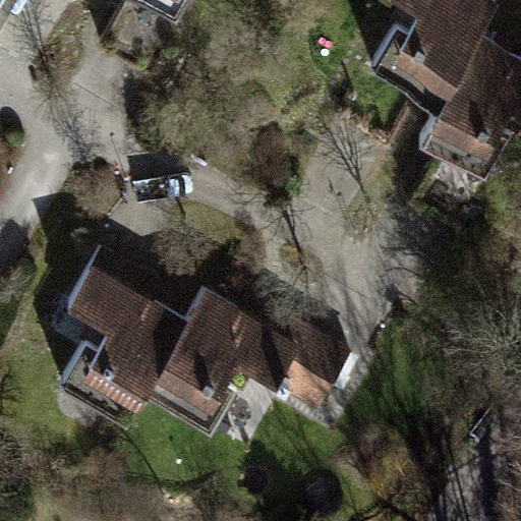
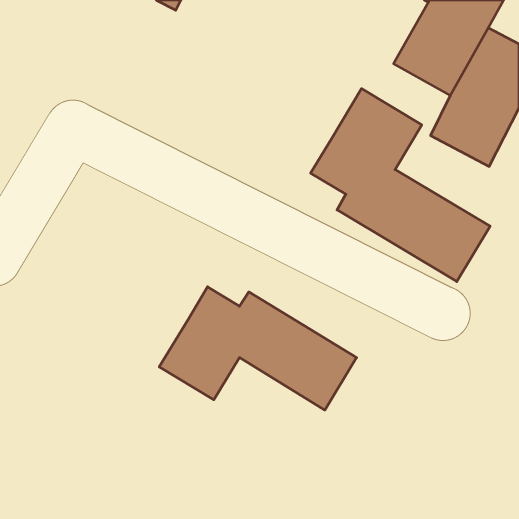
building: none -> [311,89,490,282]
building: [64,251,186,425] -> none

